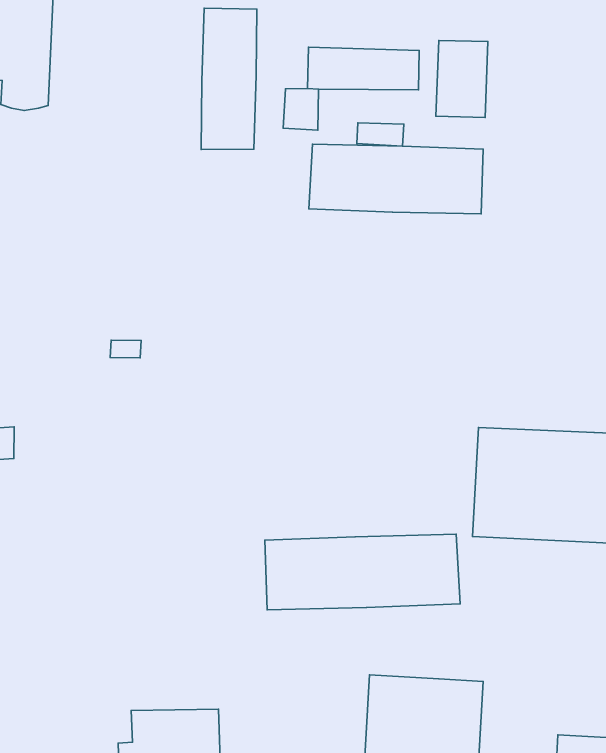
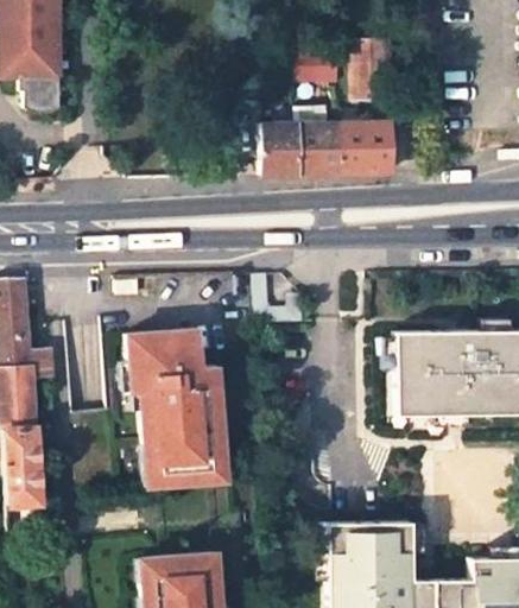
building: [201,8,257,150] -> none
building: none -> [115,332,215,489]
building: [265,534,460,610] -> none

